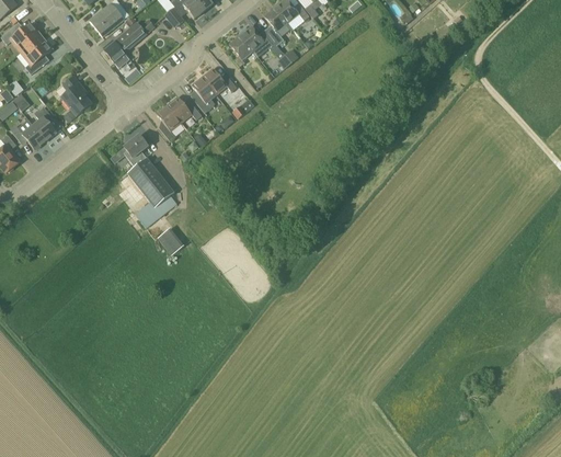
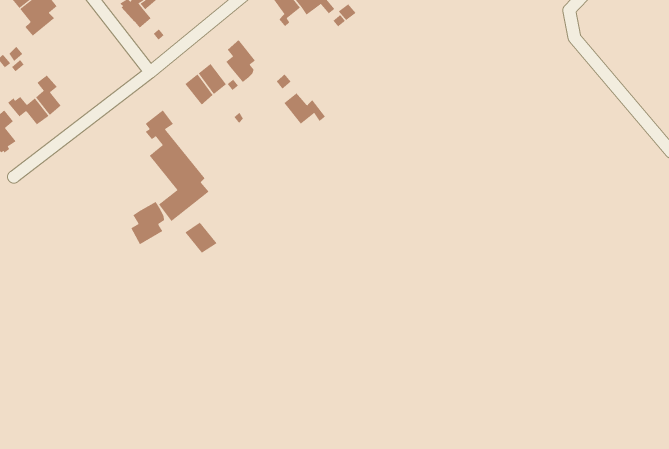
building: [202,67,237,93] -> [283,93,326,124]
building: [61,76,91,119] -> none
building: none -> [131,201,164,245]

